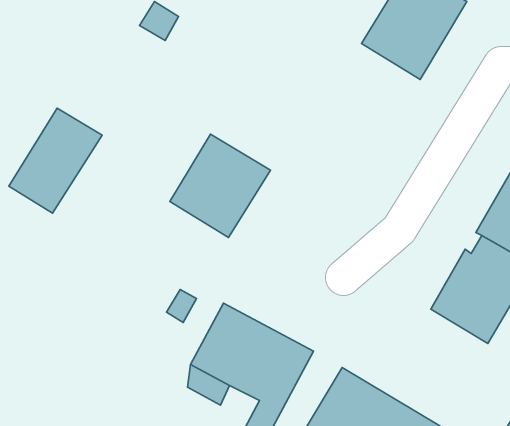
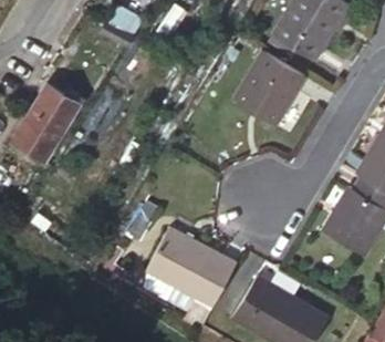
building: [170,134,270,238] -> [232,49,306,125]

